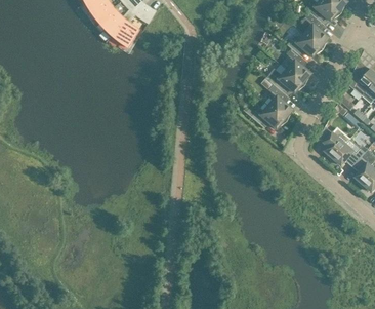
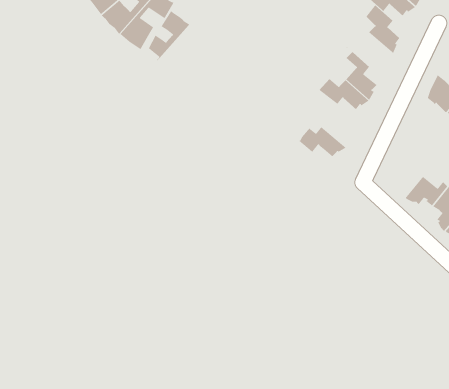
building: none -> [148,10,197,62]
building: [287,34,323,57] -> none
building: [265,78,292,122] -> none
building: [320,126,350,161] -> none

